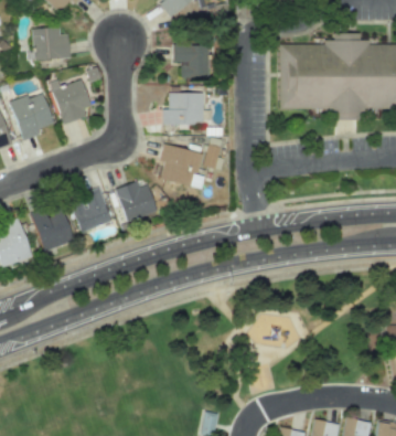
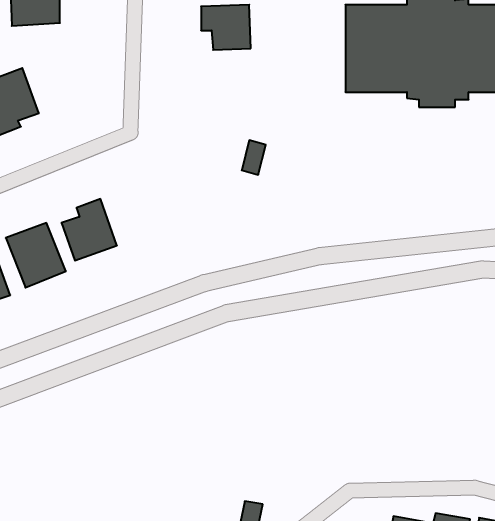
building: [51,79,90,124] -> none
building: [162,92,204,125] -> none
building: [159,143,205,189] -> none
building: [116,181,157,221] -> none

